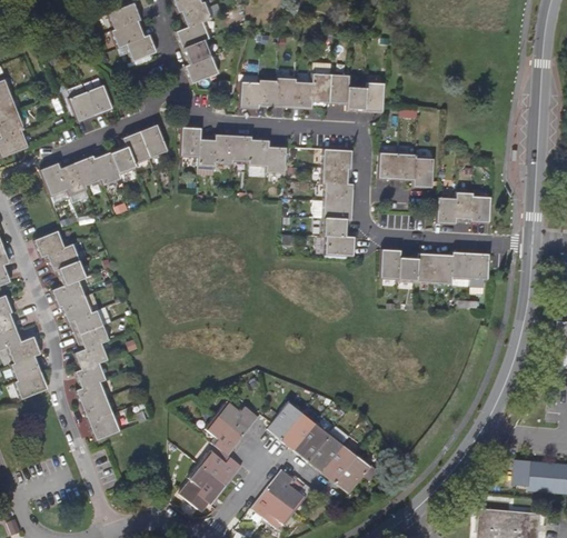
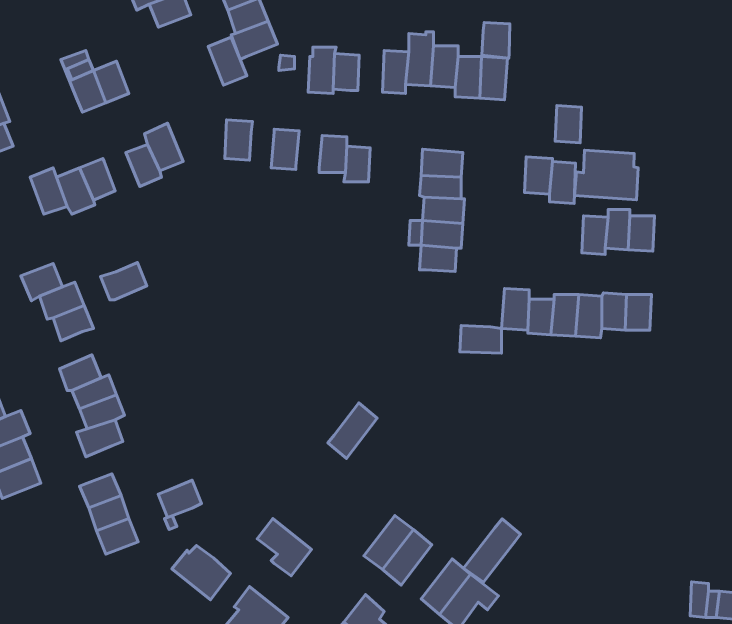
building: none -> [482,22,510,58]
building: [276,78,295,108] -> none
building: [139,123,167,158] -> [208,37,247,85]
building: [231,136,250,162] -> none
building: [198,137,216,167] -> none
building: none -> [574,150,638,200]
building: [93,151,120,186] -> none
building: [378,153,397,180] -> [555,106,582,143]
building: [324,236,354,256] -> [460,325,501,353]
building: [51,280,84,307] -> [101,263,147,300]
building: [74,362,106,389] -> [158,480,201,517]
building: [215,401,258,437] -> none
building: [267,401,302,441] -> [328,403,377,458]
building: [307,427,348,472] -> [463,519,521,582]
building: [198,447,240,486] -> [172,546,231,600]

